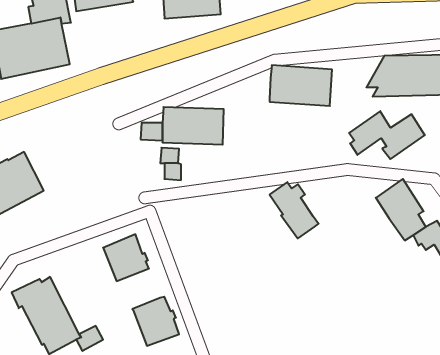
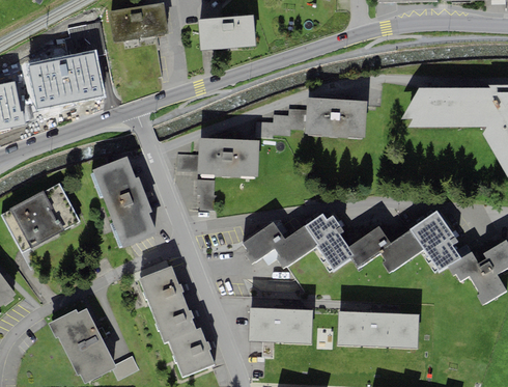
building: none -> [255,108,306,137]
building: [349,111,425,159] -> [348,225,424,273]
building: none -> [92,156,158,247]
building: none -> [243,221,318,269]
building: none -> [152,299,196,342]
building: none -> [248,306,313,343]
building: none -> [337,310,419,348]

